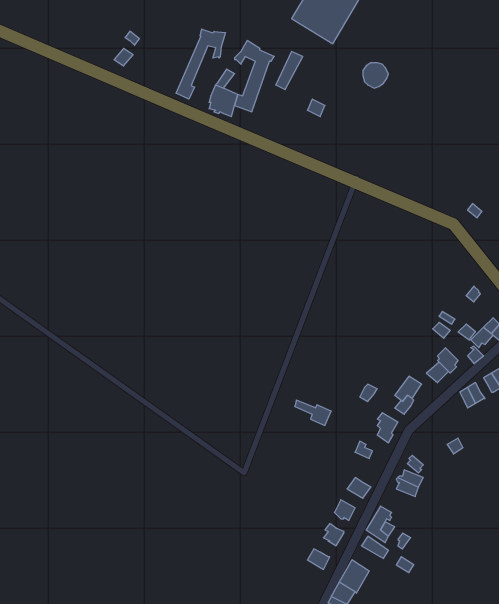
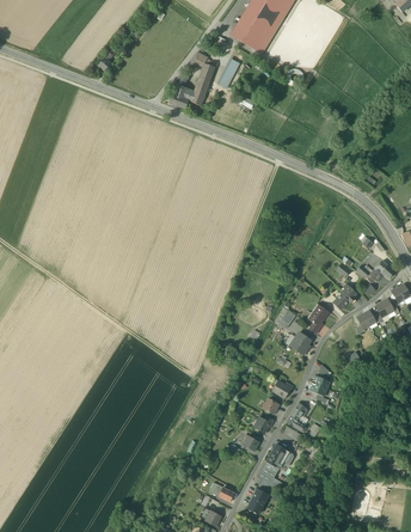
building: [176,29,225,99] -> none

